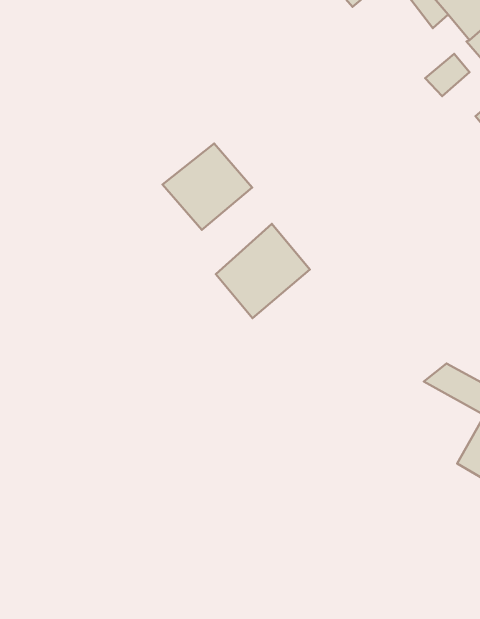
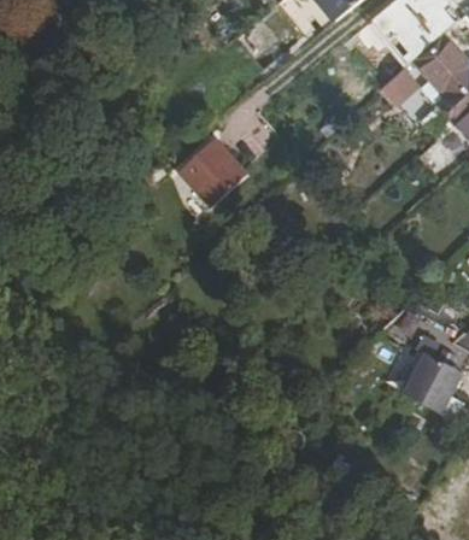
building: [216,224,310,318] -> none

